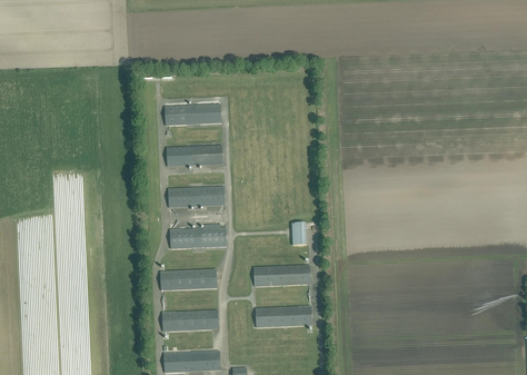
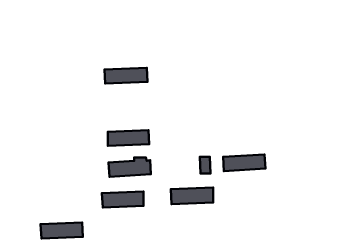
building: [166,145,221,166] -> none
building: [255,304,311,326] -> [223,154,265,171]
building: [161,309,218,330] -> [41,223,83,238]

